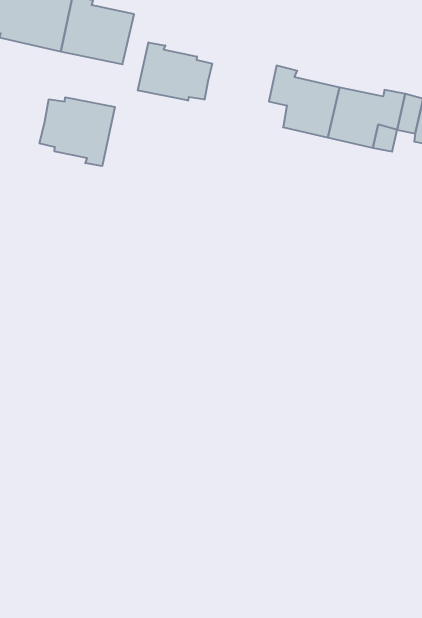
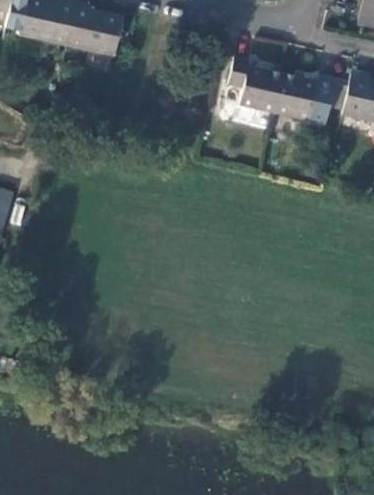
building: [138,42,212,101] -> none
building: [40,97,115,166] -> none

